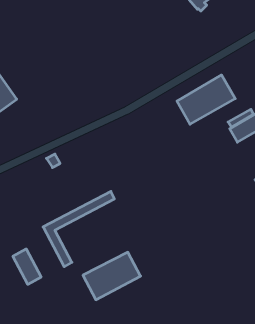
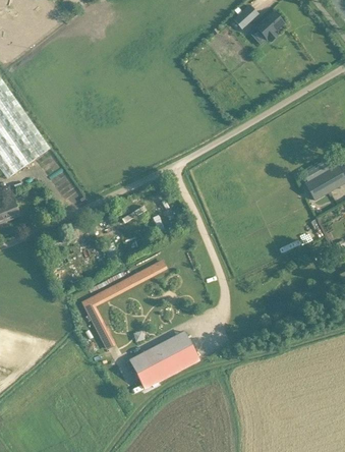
building: [177,75,235,124] -> none
building: [13,249,41,284] -> none

